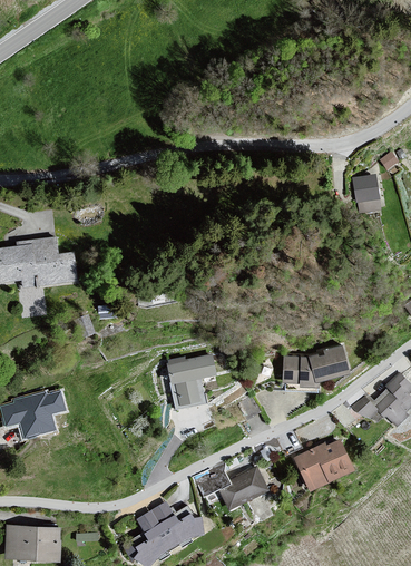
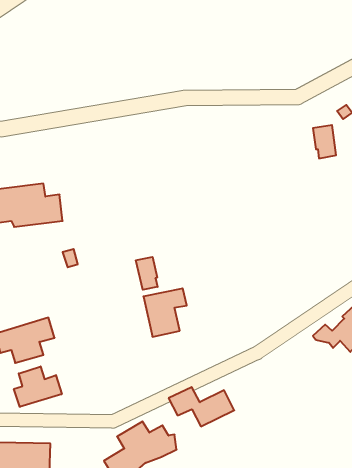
building: none -> [136,257,158,290]
building: [283,347,349,387] -> none
building: [295,441,351,489] -> none
building: none -> [14,366,62,407]

